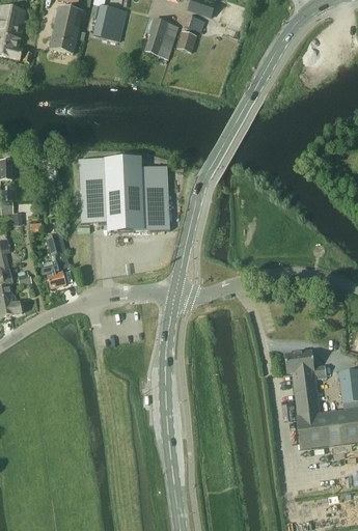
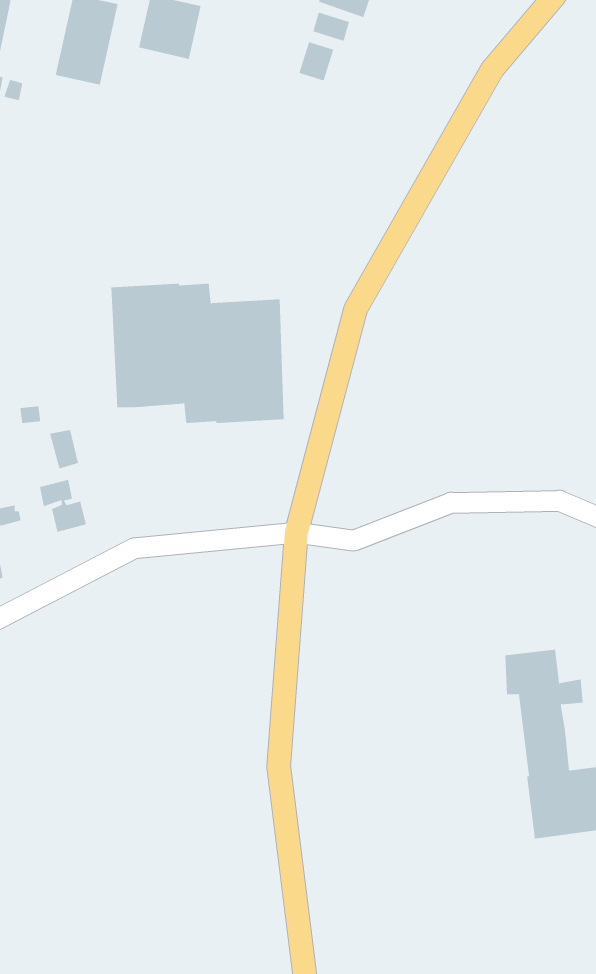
building: [144,18,177,58] -> none

